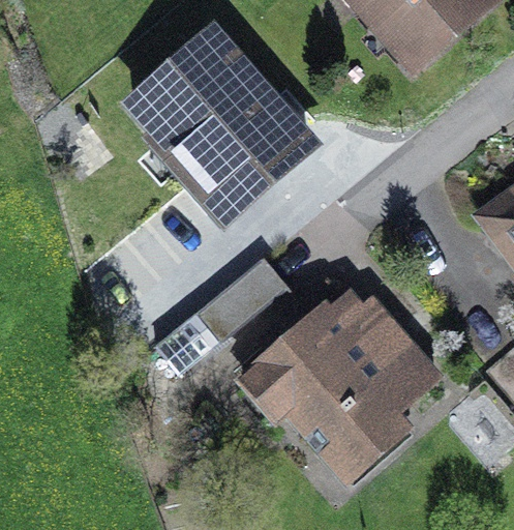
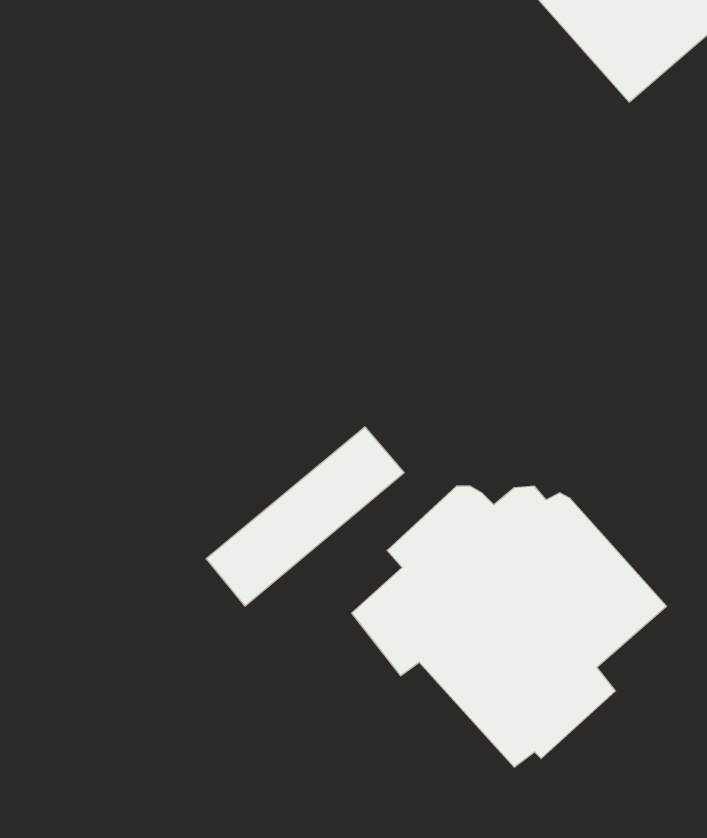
building: [134,37,309,204] -> none

